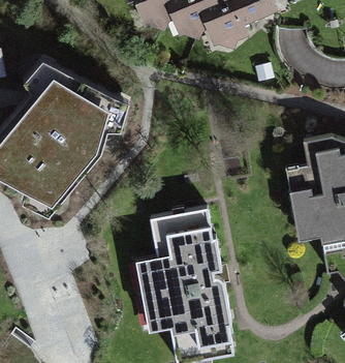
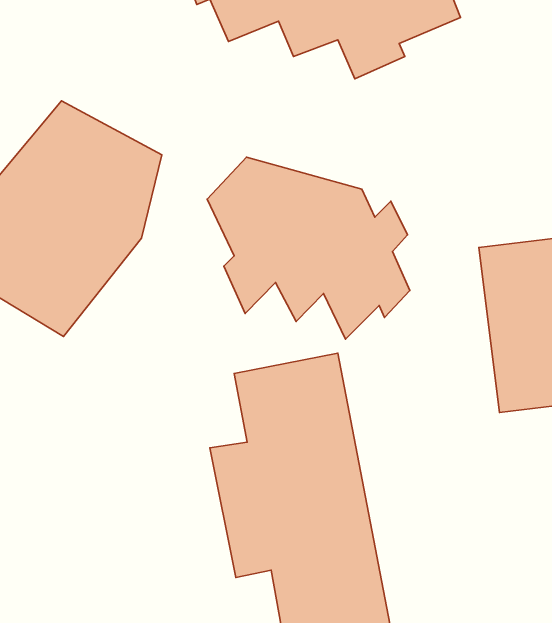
building: none -> [207,157,410,339]

